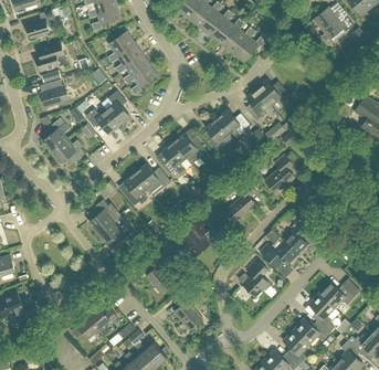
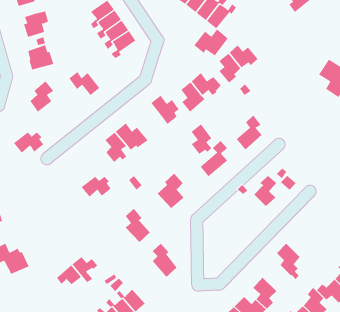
building: none -> [194,28,229,56]
building: [105,91,129,126] -> none
building: [51,140,84,163] -> [13,132,44,153]
building: [161,142,185,176] -> [191,124,212,154]
building: [87,200,114,233] -> none
building: [259,241,296,266] -> none
building: [238,260,269,297] -> none
building: [318,282,354,308] -> none
building: [293,317,328,345] -> none

